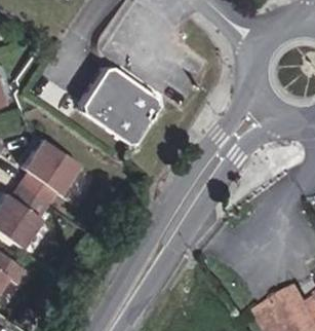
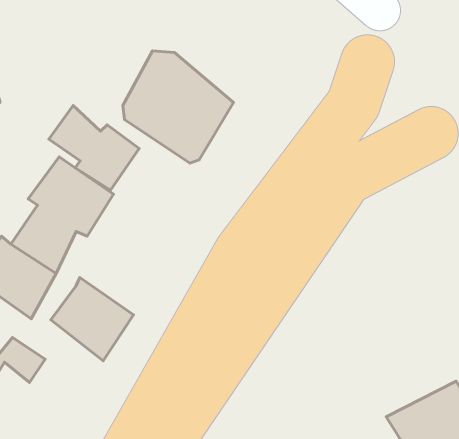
building: none -> [49,106,139,190]
building: none -> [51,277,133,361]

